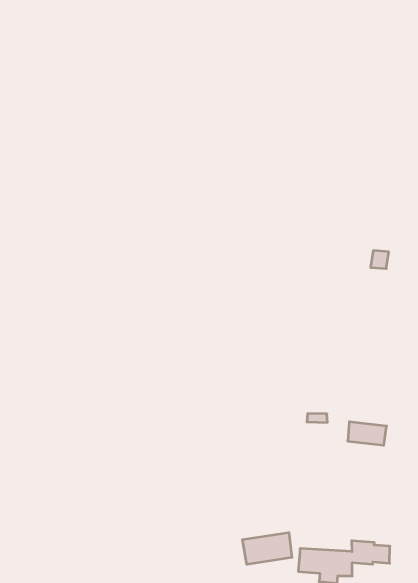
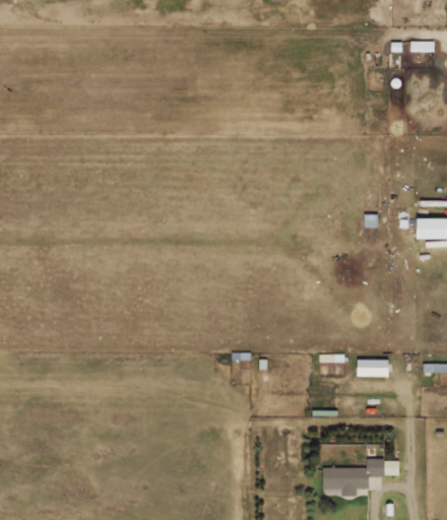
building: [242,533,292,564] -> none

